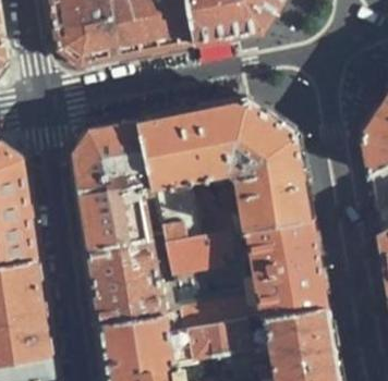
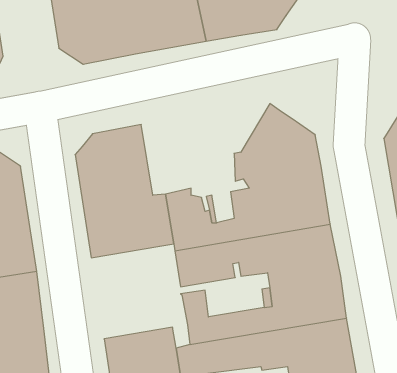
building: [134,98,255,192] -> none
building: [87,237,178,324] -> none

